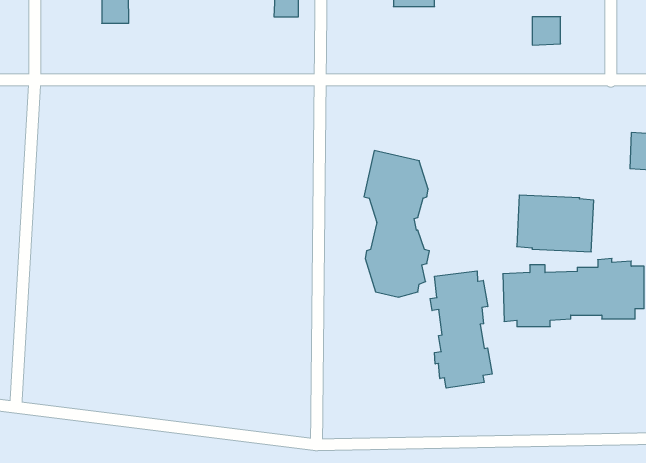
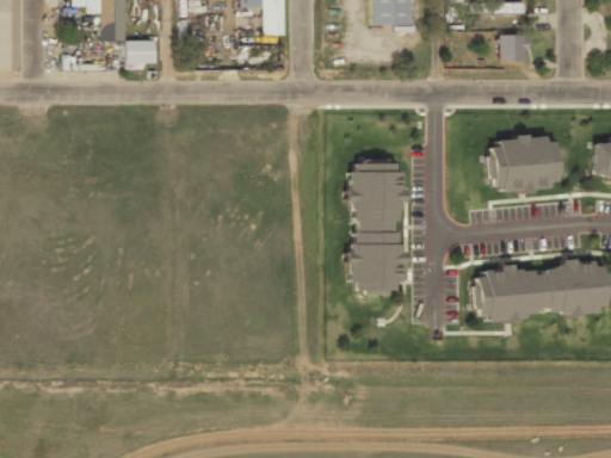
building: none -> [126,39,156,63]
building: [517,195,594,252] -> [487,137,558,190]
building: [430,271,492,388] -> none

